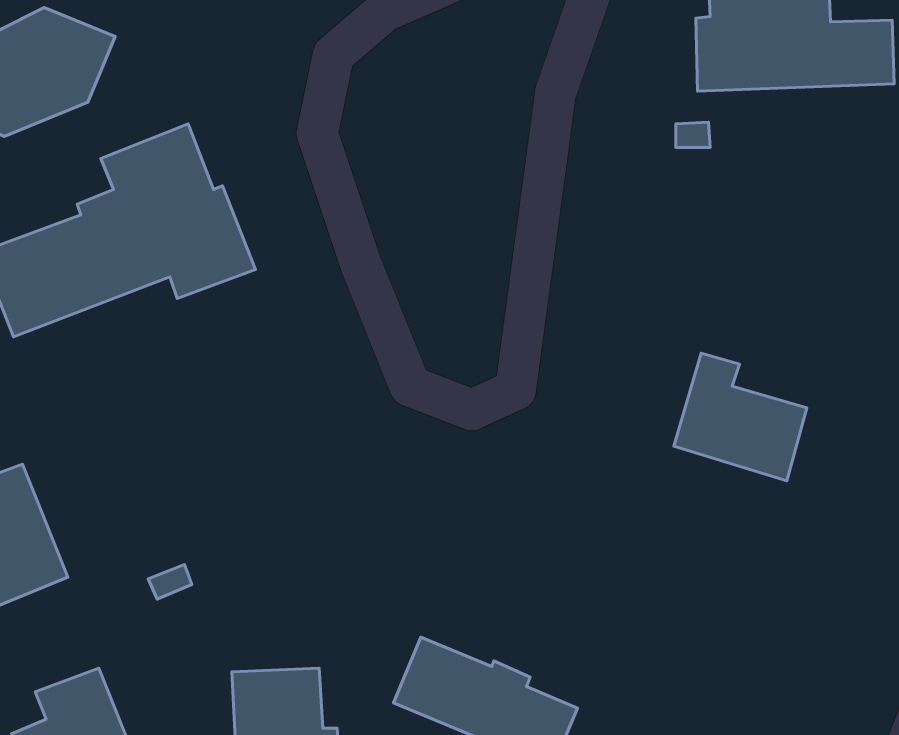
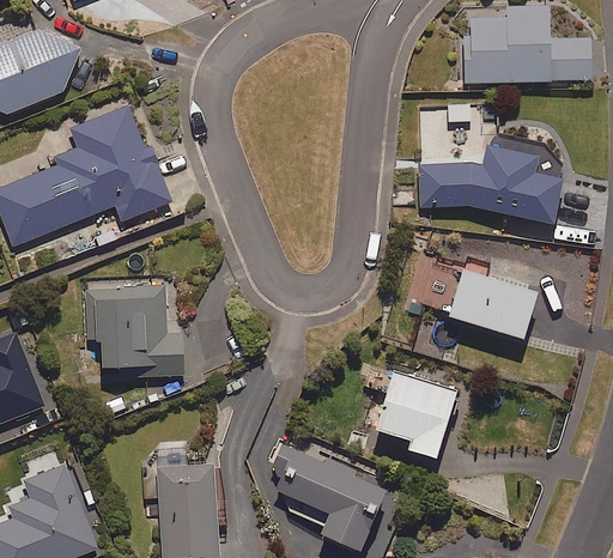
building: none -> [418,134,565,224]
building: none -> [85,286,182,376]
building: none -> [377,370,457,459]

